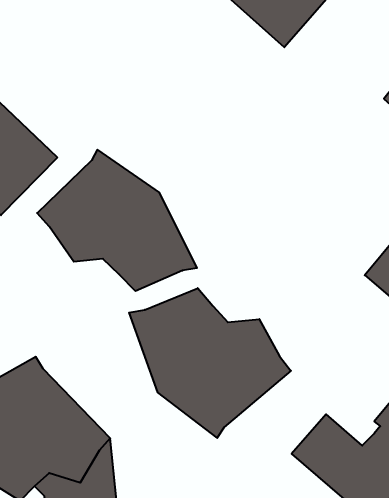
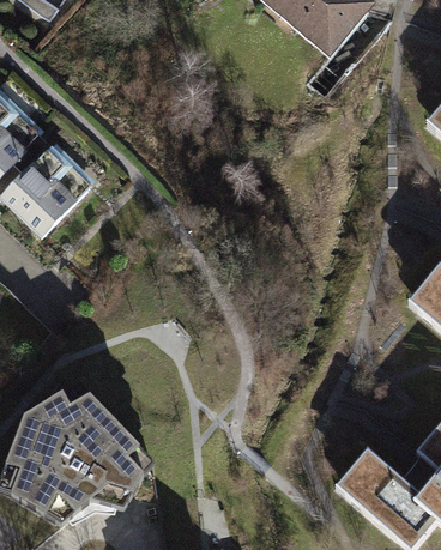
building: [37,150,197,291] -> none
building: [129,288,291,438] -> none

